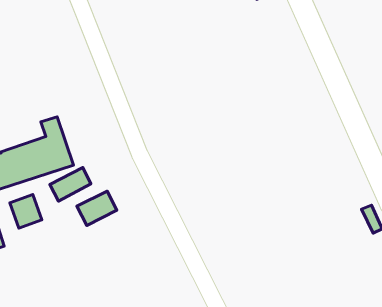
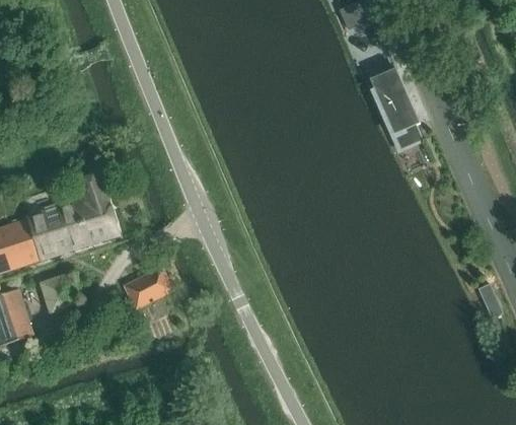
building: none -> [369,68,422,150]
building: [50,168,91,201] -> none

